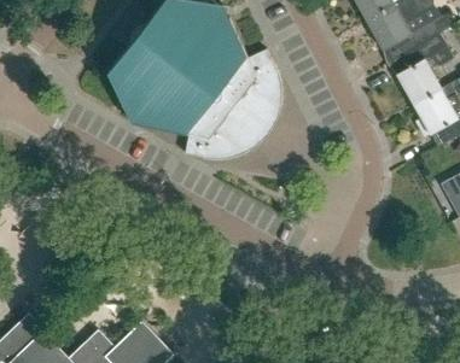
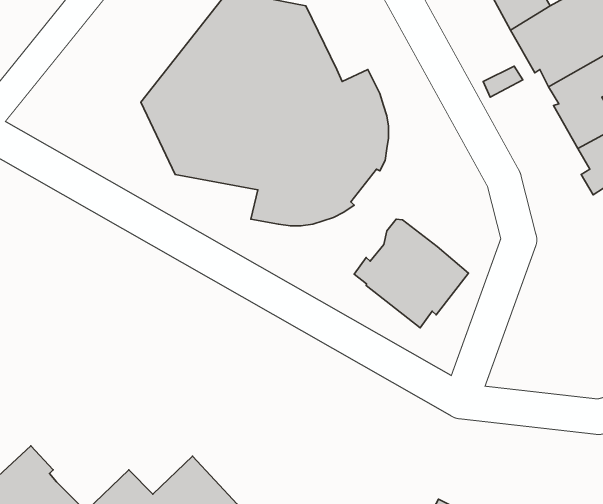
building: none -> [354,219,469,328]

